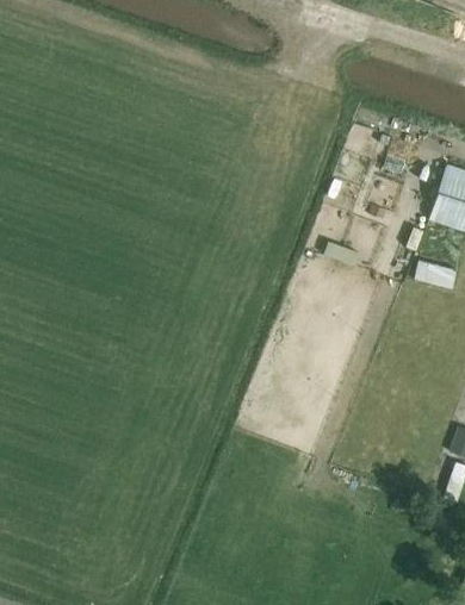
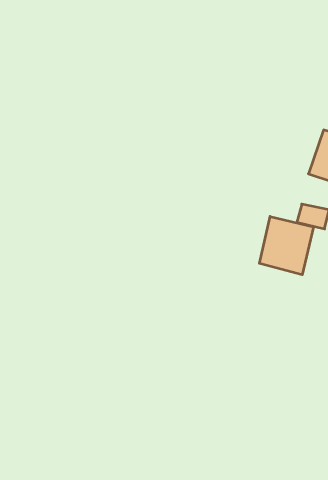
building: none -> [259,216,313,275]

